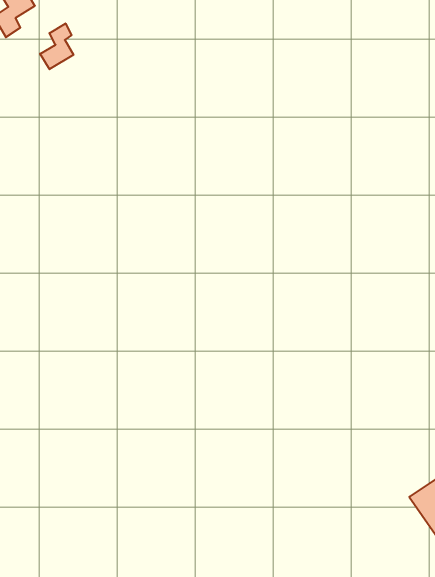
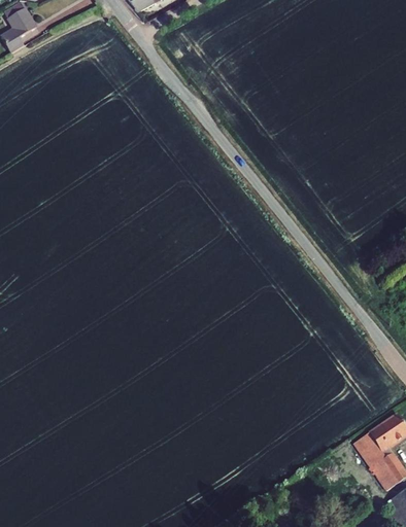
building: [40,23,73,69] -> none

